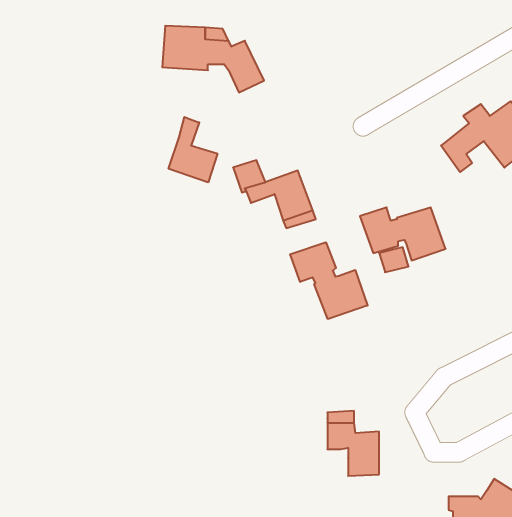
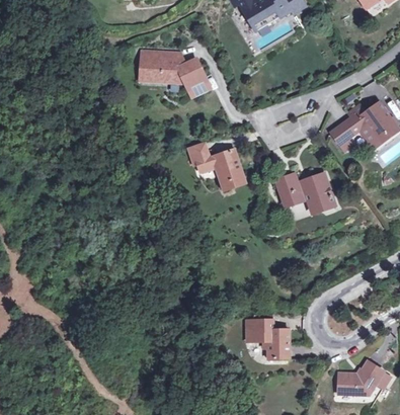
building: [169,117,217,182] -> none
building: [290,242,368,319] -> none

